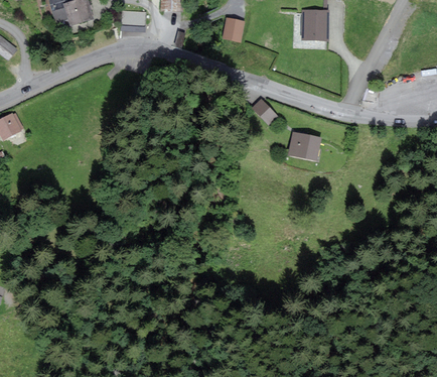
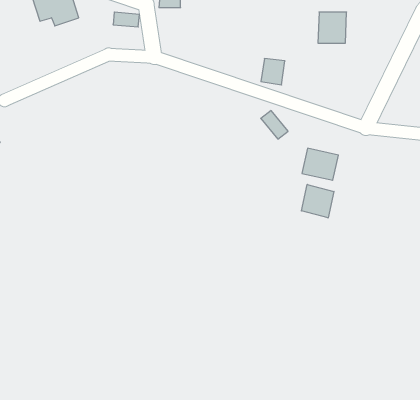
building: [224,18,245,41] -> [261,59,285,85]
building: none -> [301,184,334,218]

